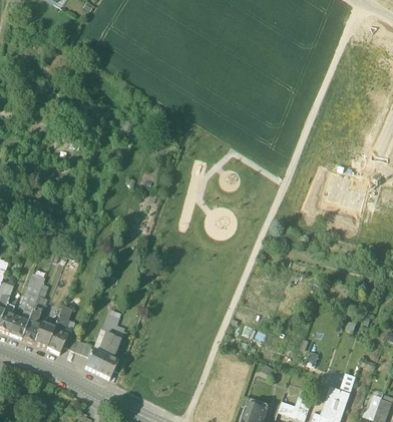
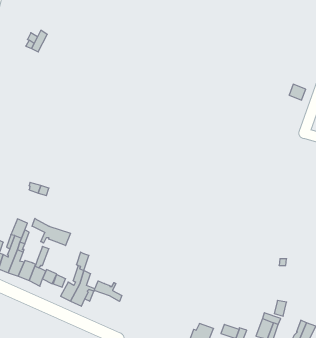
building: none -> [32,218,70,246]
building: none -> [94,281,122,301]

